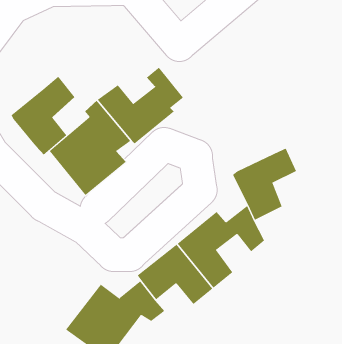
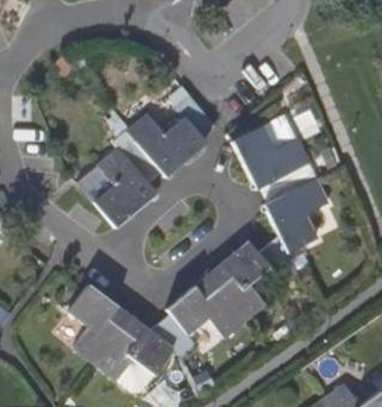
building: [11,76,75,156] -> none
building: none -> [232,115,308,202]
building: none -> [68,286,131,363]

